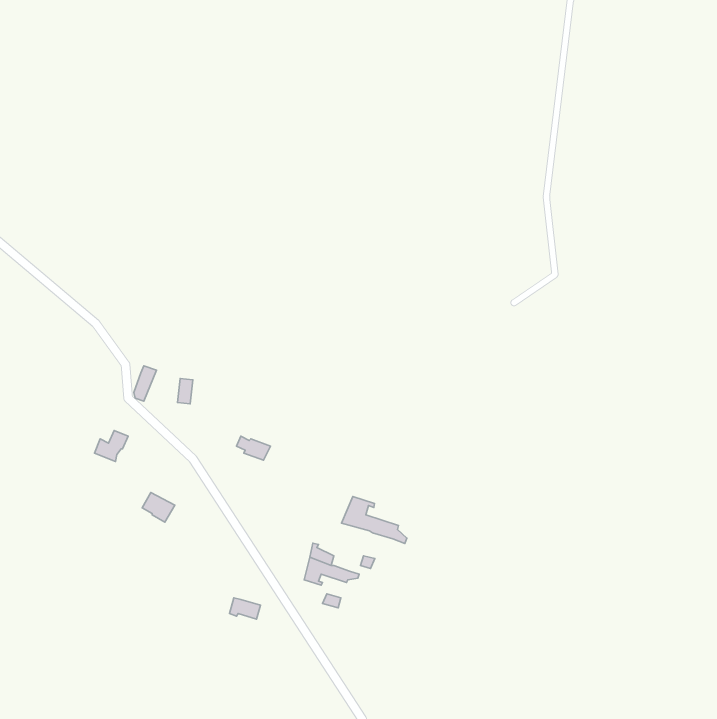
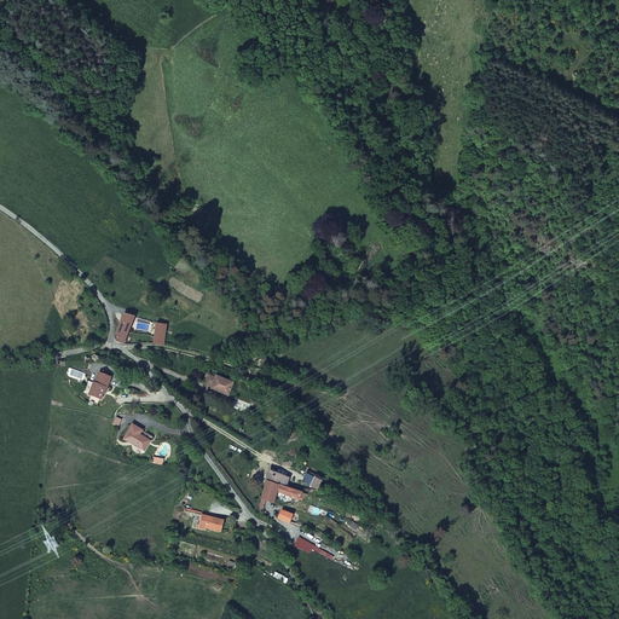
building: [342,496,407,544] -> none

